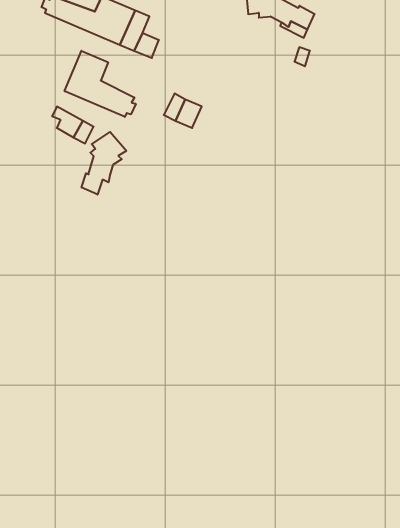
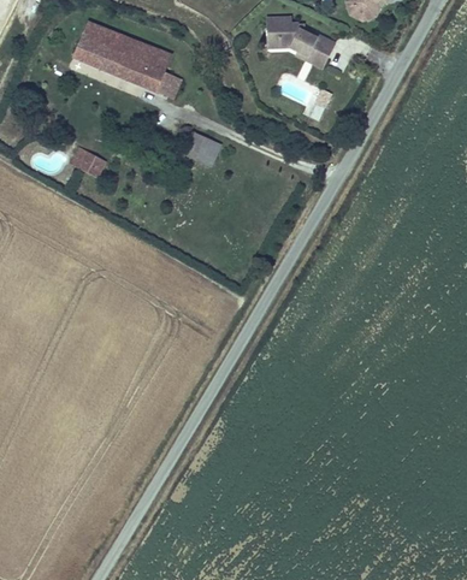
building: [65,51,136,117] -> none
building: [82,132,126,195] -> none

